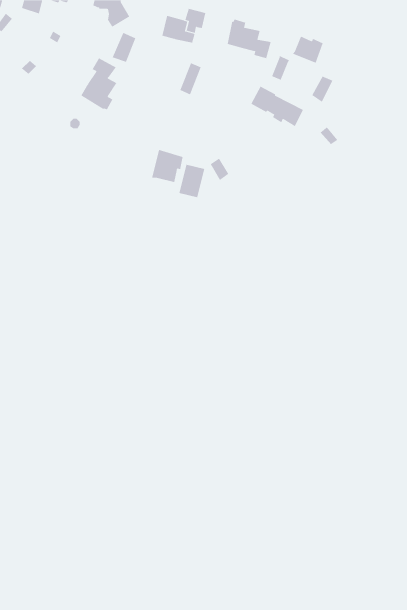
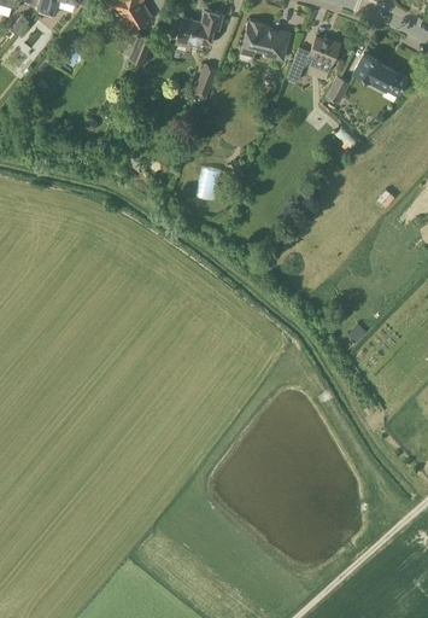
building: [80,58,117,110] -> none
building: [250,86,304,127] -> [354,53,408,94]
building: [152,149,183,183] -> none

